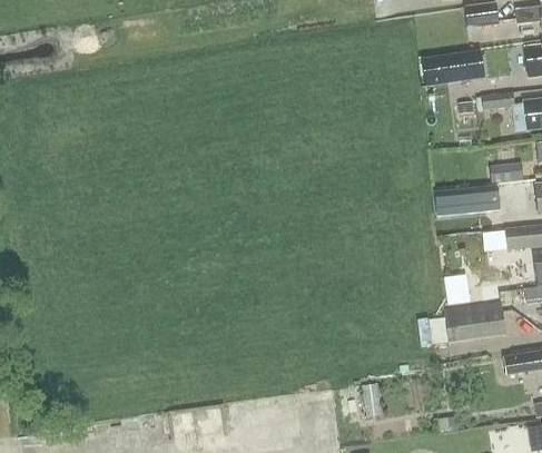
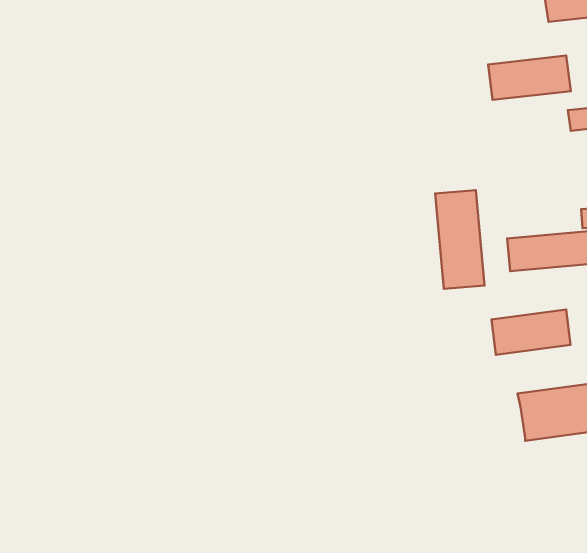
building: none -> [435,190,484,289]
building: none -> [492,310,570,355]

